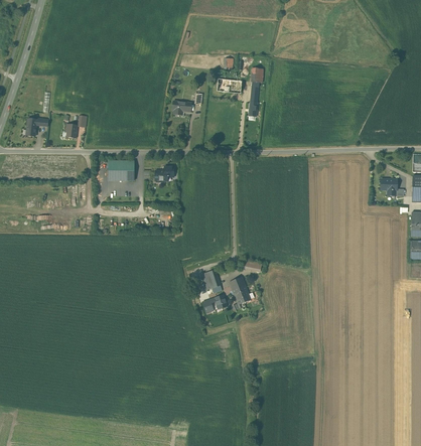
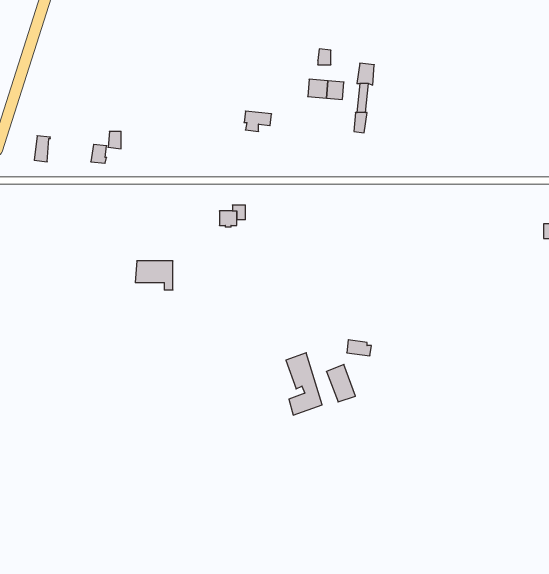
building: [108,160,134,180] -> [135,261,173,290]

